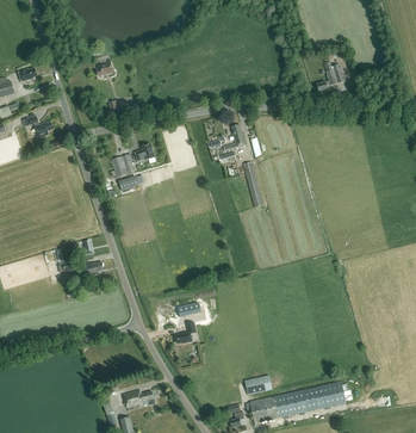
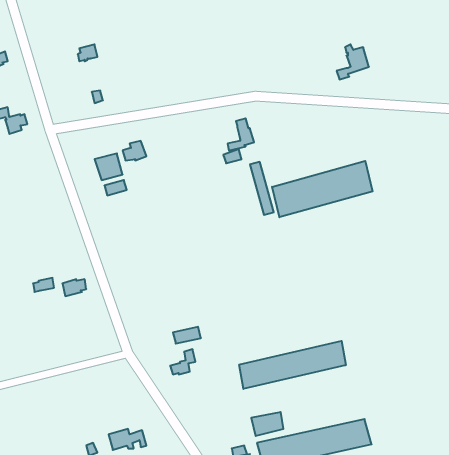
building: none -> [272,161,373,217]
building: none -> [239,341,346,389]

